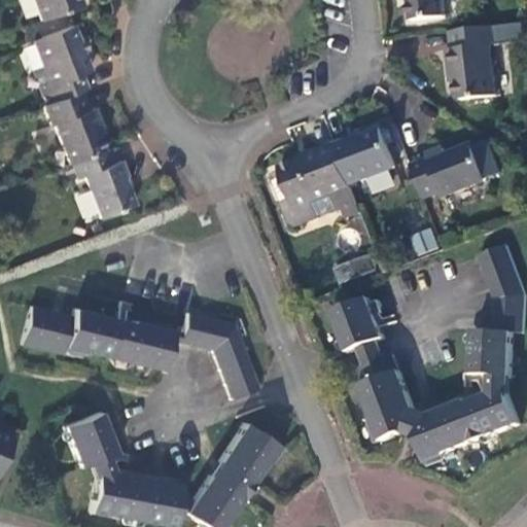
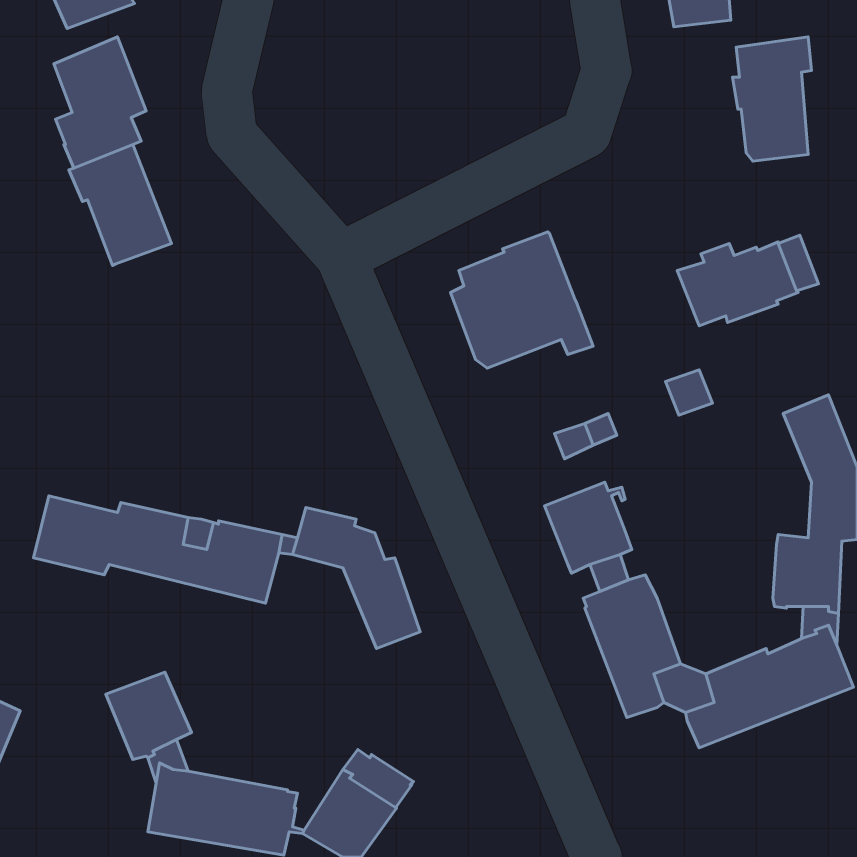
building: [337,128,396,183] -> none
building: [71,147,134,216] -> none
building: [219,422,277,479] -> none

